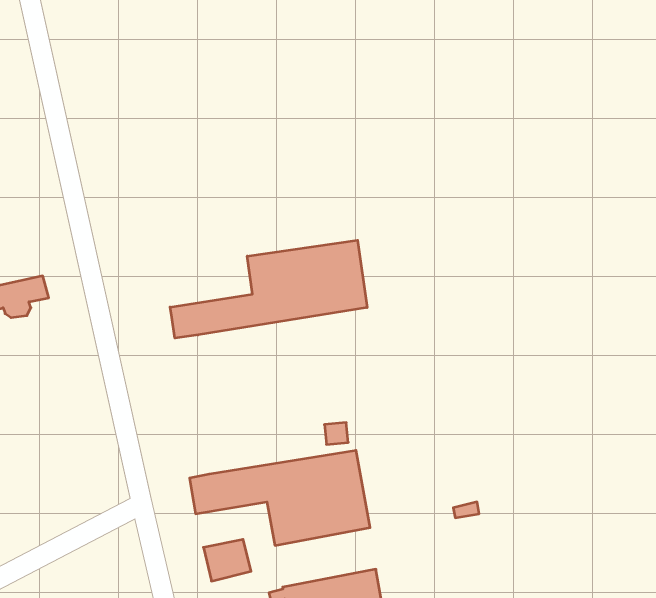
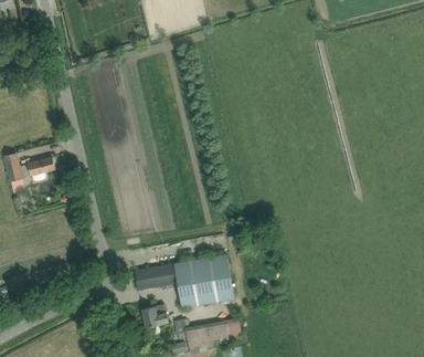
building: [170,240,367,338] -> none

